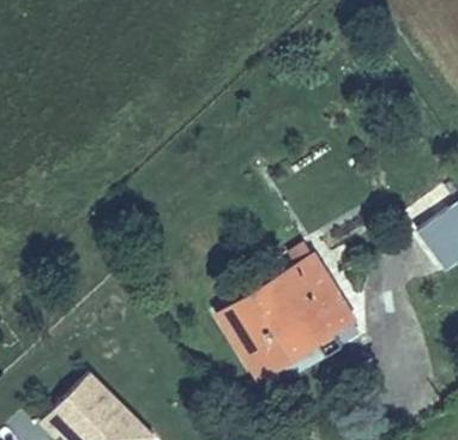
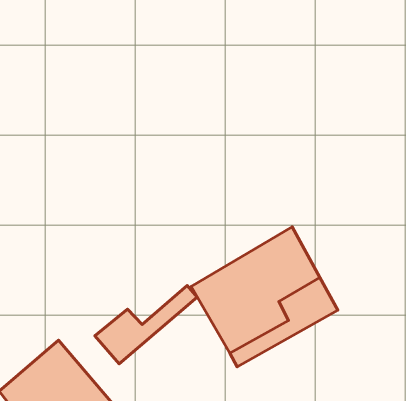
building: none -> [95,286,197,364]

